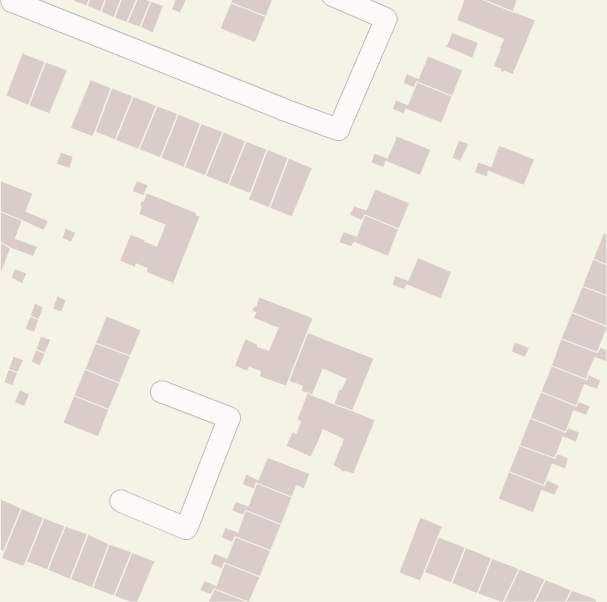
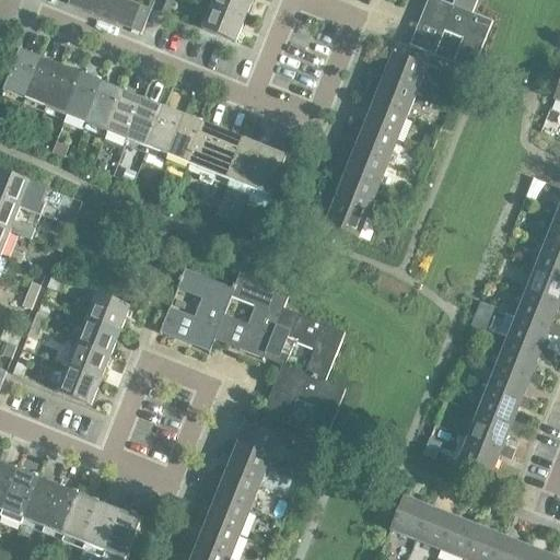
building: none -> [46,65,83,113]
building: [474,145,535,186] -> [351,101,407,138]
building: [118,193,200,285] -> [160,266,235,351]
building: [391,258,452,299] -> [331,149,387,187]
building: [399,517,443,581] -> none

